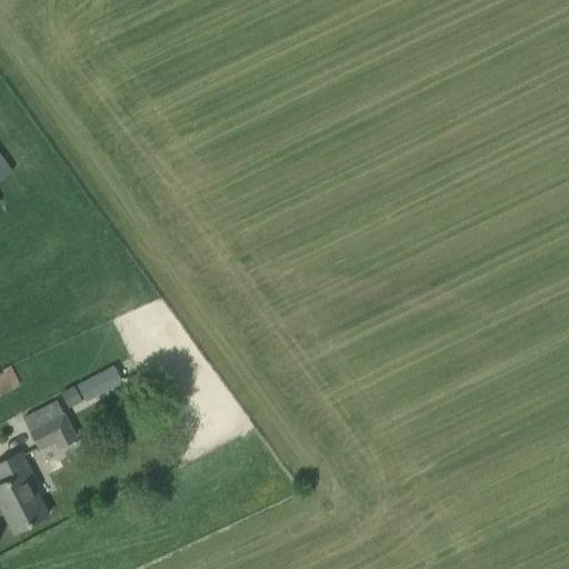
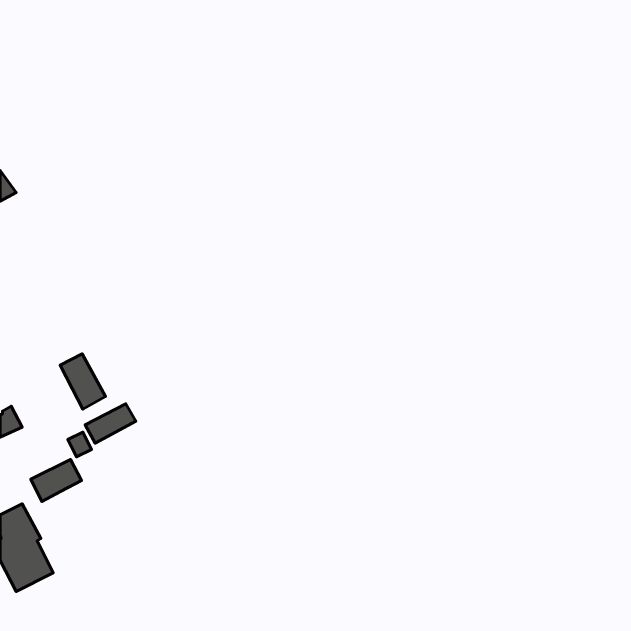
building: none -> [60,354,106,409]

